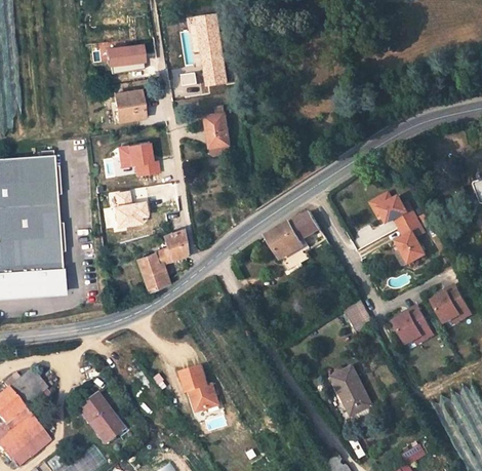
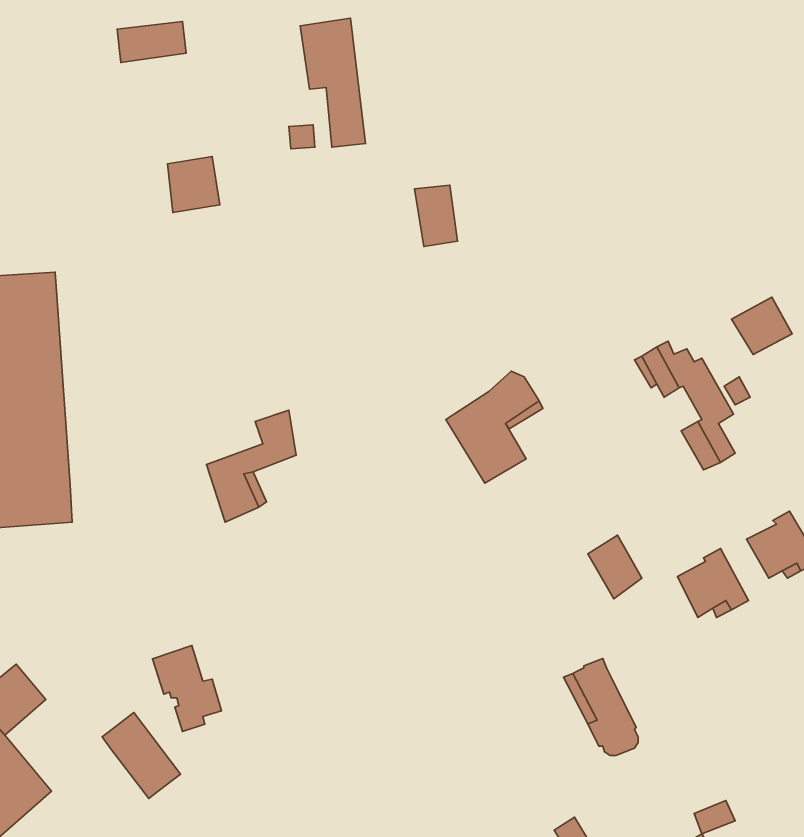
building: [107,45,145,68] -> [117,22,186,63]
building: [205,114,229,148] -> [414,185,457,247]
building: [119,145,159,174] -> none
building: none -> [732,297,792,355]
building: [115,192,149,228] -> none
building: [180,365,218,413] -> [153,646,222,731]

